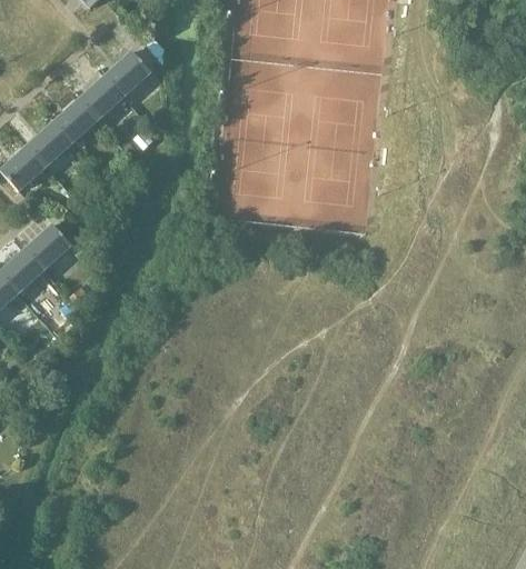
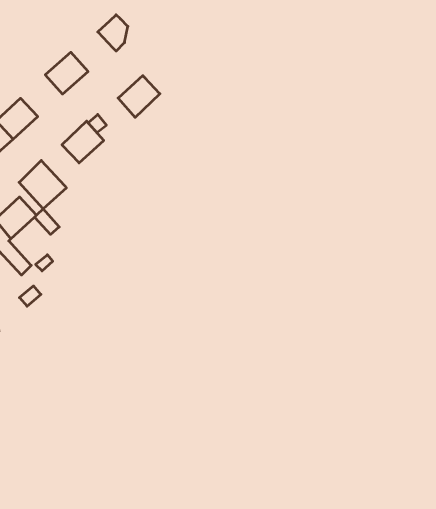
building: [103,53,147,97] -> [118,76,160,117]
building: [51,100,95,143] -> [62,121,104,163]
building: none -> [19,160,66,209]

